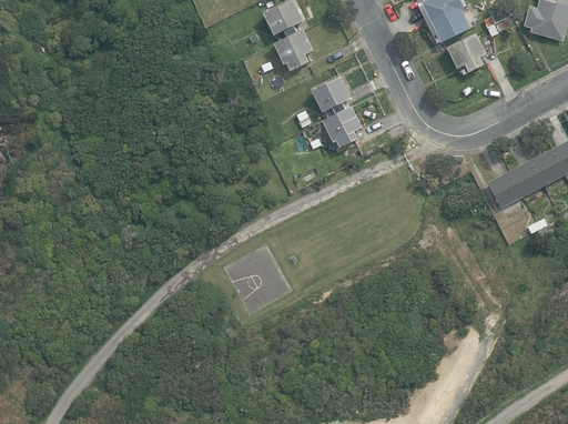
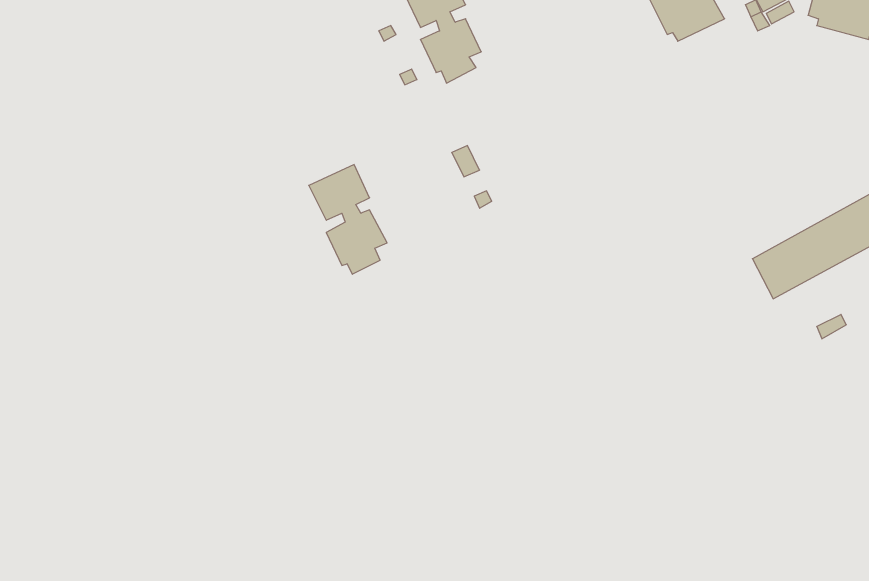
building: [444,33,485,73] -> none
building: [313,77,363,147] -> [309,165,387,274]

